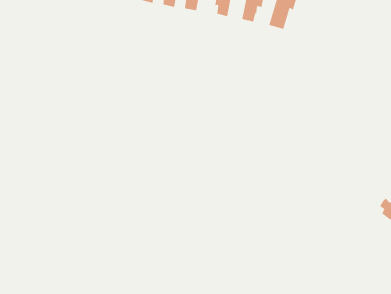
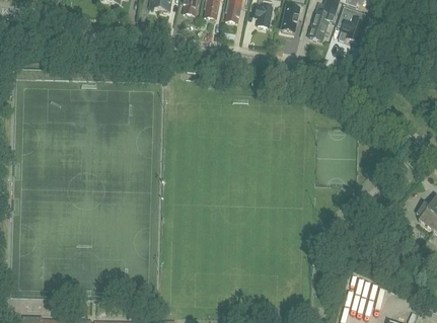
building: none -> [338,15,364,42]

